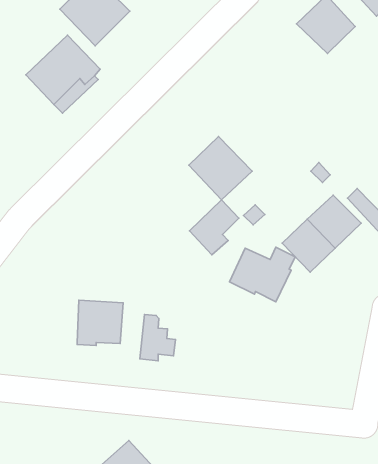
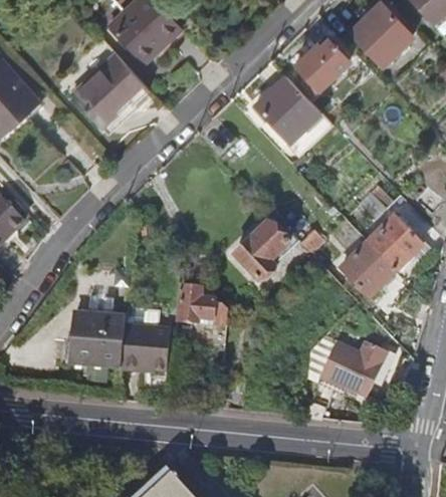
building: none -> [301,45,353,93]
building: [189,136,252,200] -> [255,79,321,146]
building: [230,247,295,302] -> [318,341,387,399]
building: none -> [71,312,125,367]
building: [140,315,175,361] -> [180,277,217,325]

